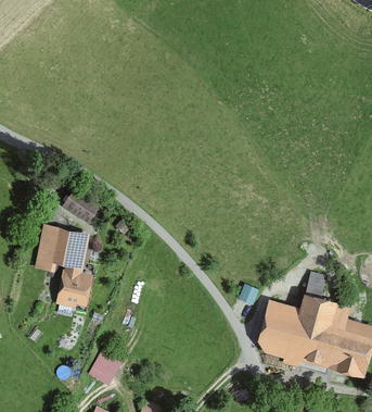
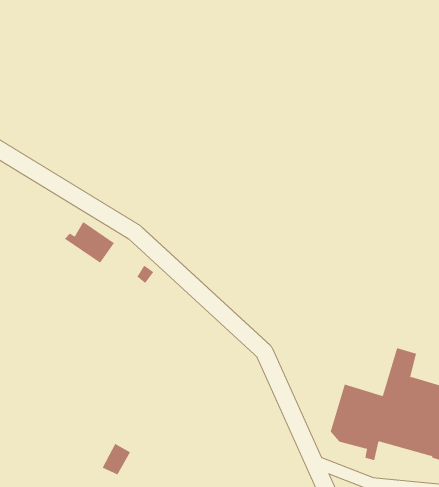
building: [37,228,82,271] -> none
building: [57,272,88,315] -> none

